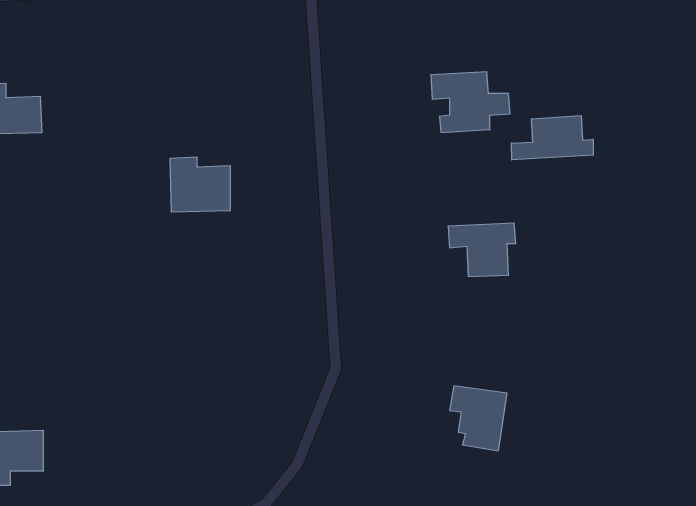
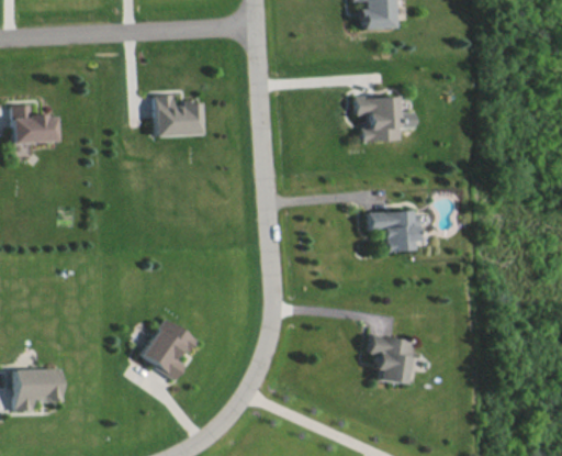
building: [511,116,593,160] -> none
building: [170,157,230,212] -> [156,94,202,136]
building: none -> [142,319,196,379]

